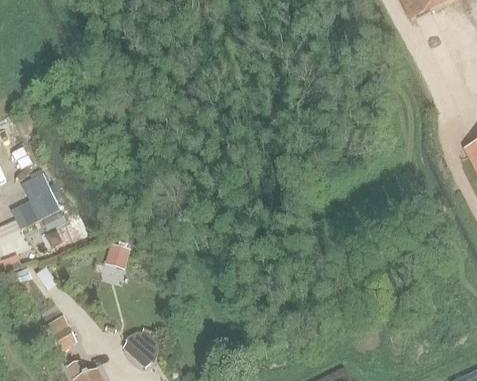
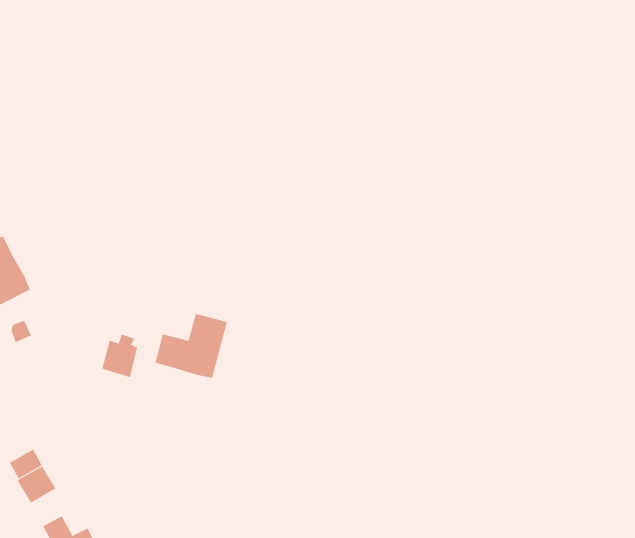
building: none -> [155,313,227,378]
building: [125,332,158,363] -> none

